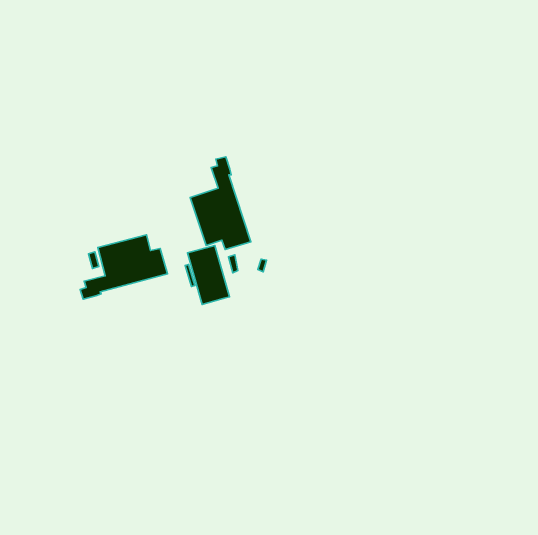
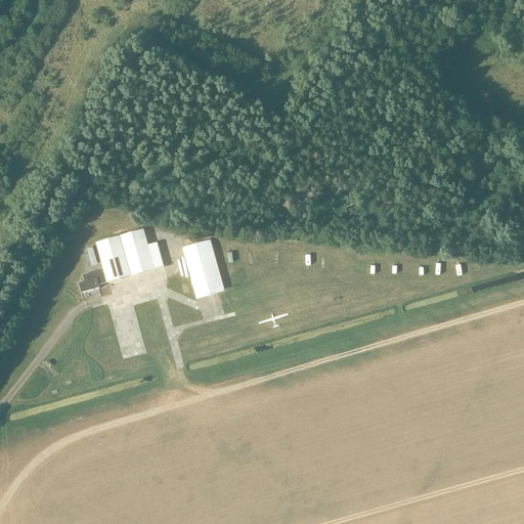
building: [190,157,251,249] -> none

